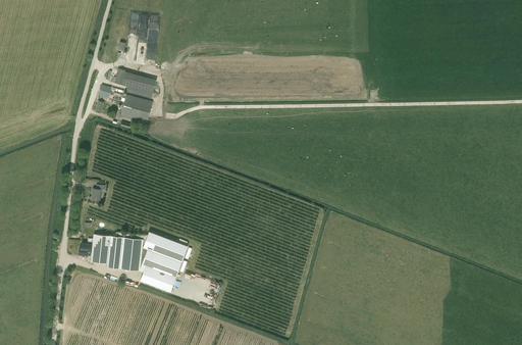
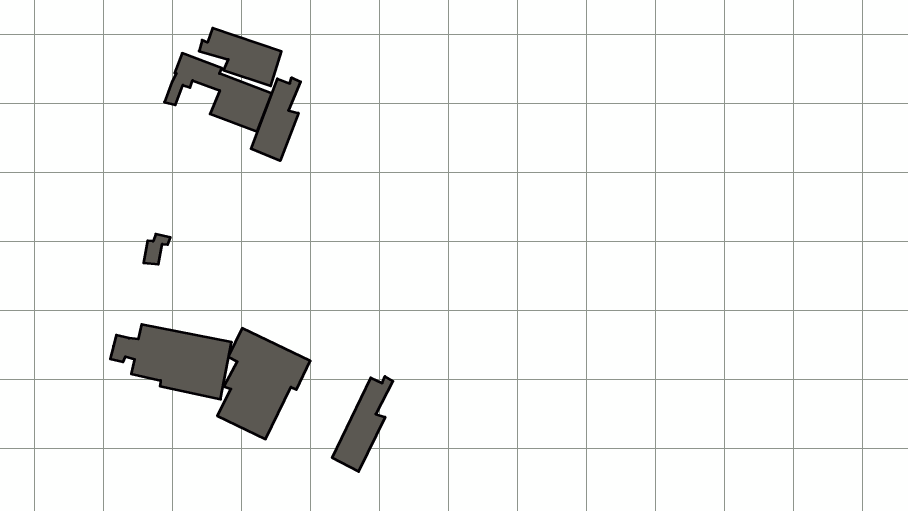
building: none -> [251,78,301,161]
building: none -> [332,376,393,472]

